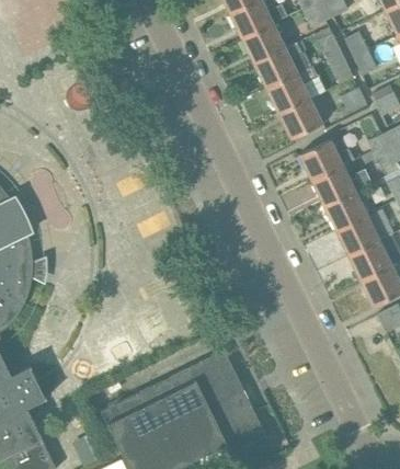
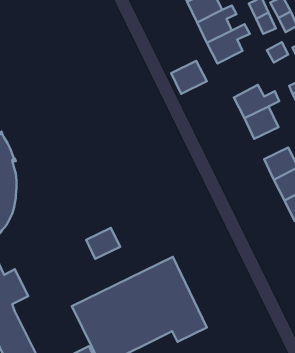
building: [279,98,323,138] -> [171,61,207,94]
building: [324,191,366,230] -> none
building: none -> [86,228,120,259]

